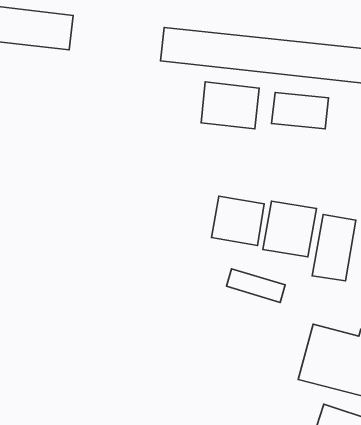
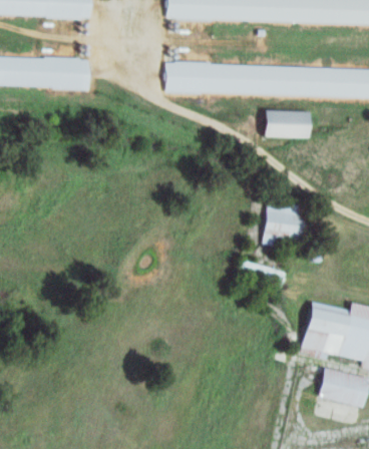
building: [201,82,259,129] -> none
building: [211,196,264,246] -> none
building: [312,214,356,281] -> none

